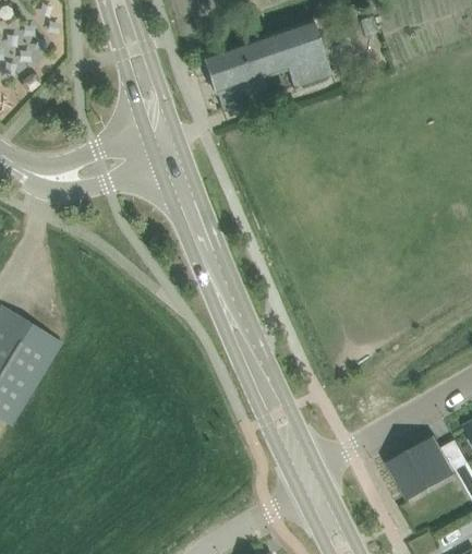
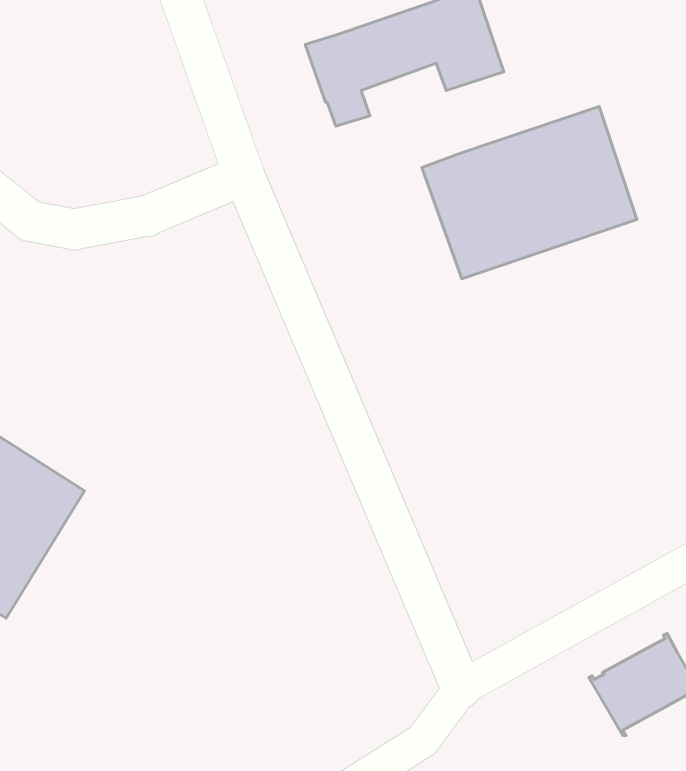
building: none -> [422,107,637,279]

